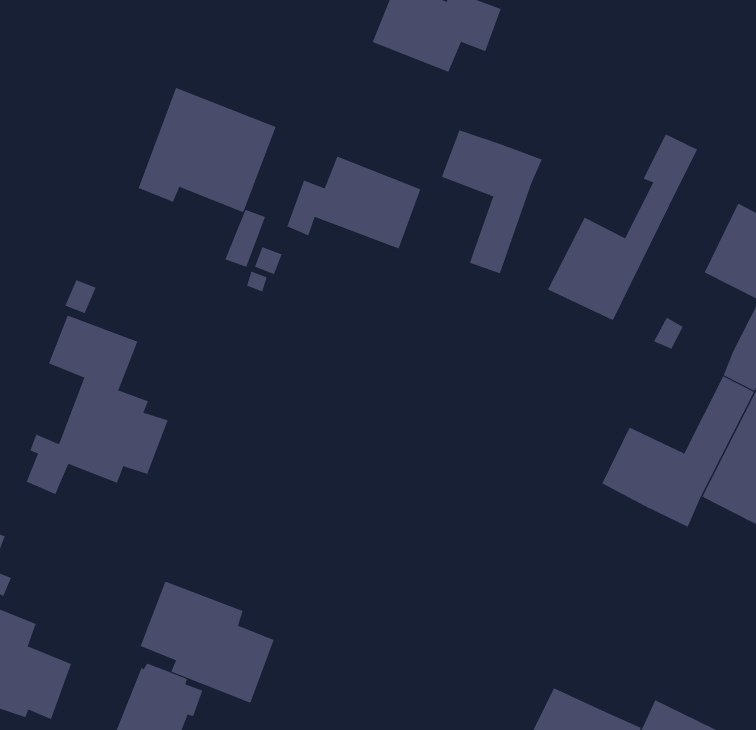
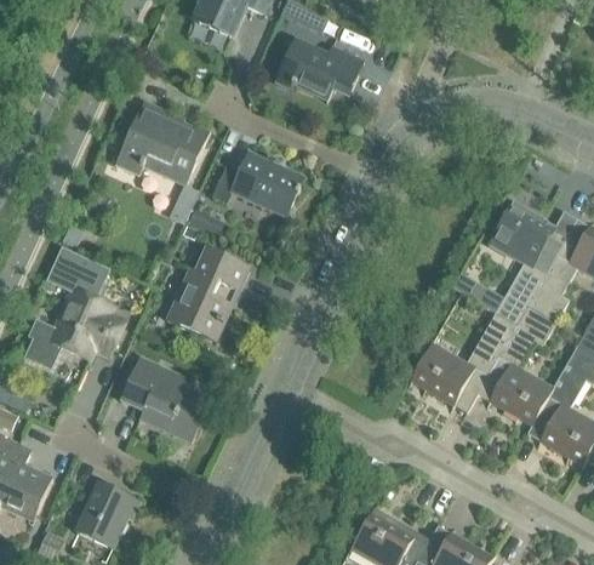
building: [441,129,543,274] -> none
building: [547,134,698,322] -> none
building: none -> [166,247,250,339]
building: [140,581,274,703] -> [120,356,210,441]

